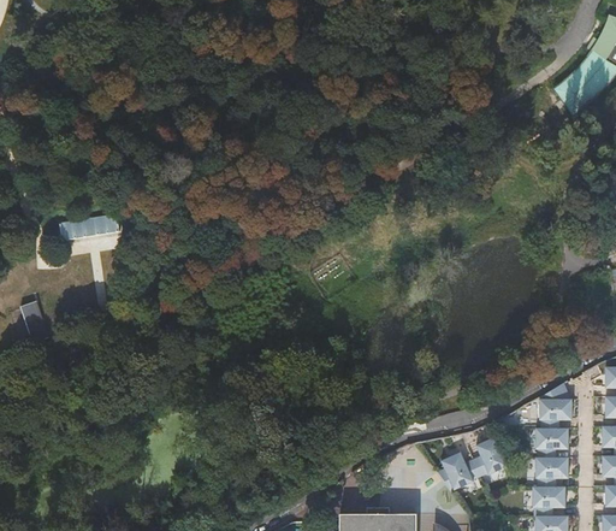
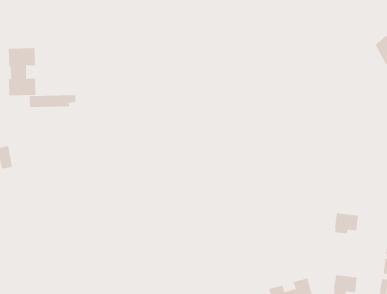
building: none -> [8,48,36,96]
building: [539,401,573,430] -> [334,213,359,234]

